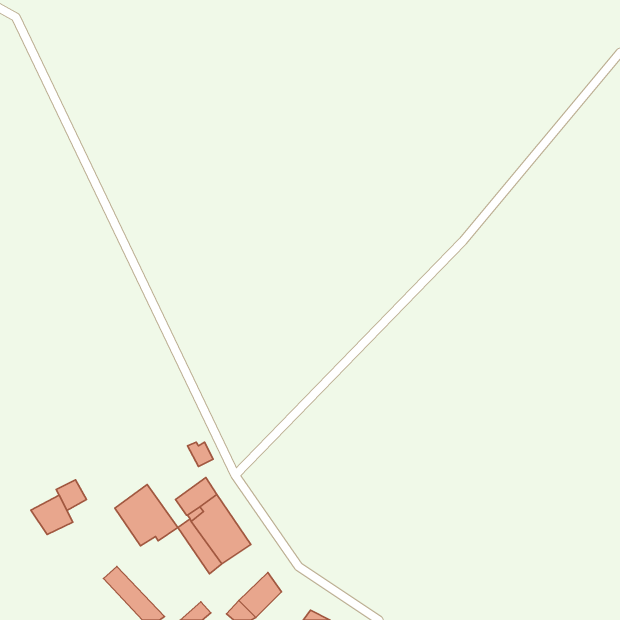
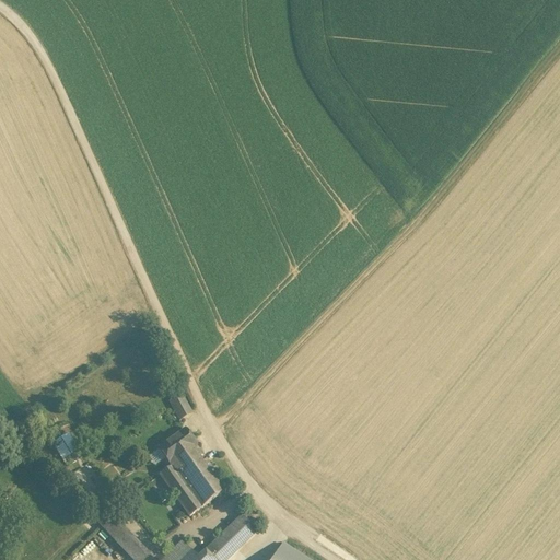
building: [115,484,178,546] -> none
building: [31,495,73,535] -> none

